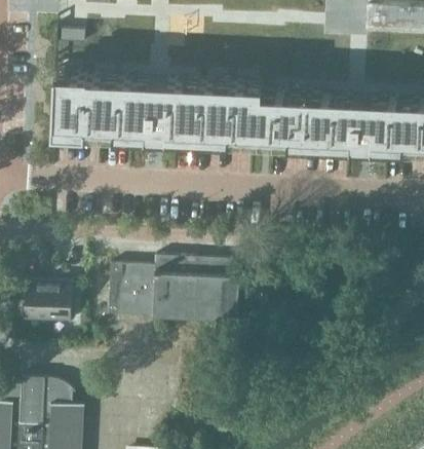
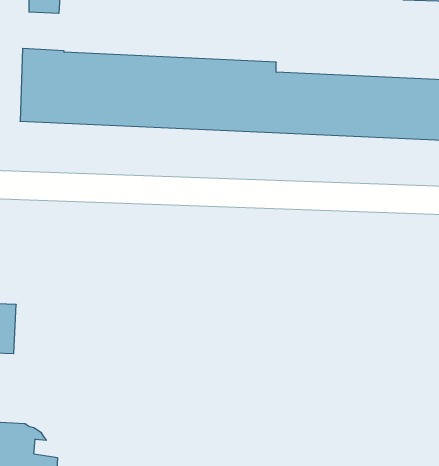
building: [108,261,239,325] -> none
building: [47,286,73,327] -> none

